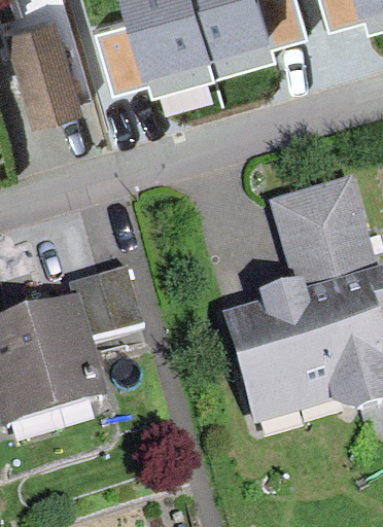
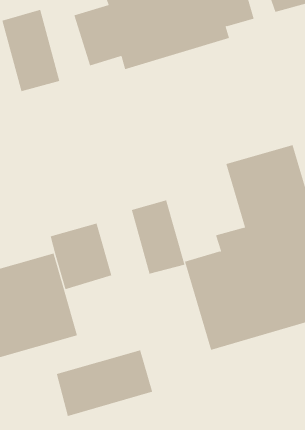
building: none -> [131,199,185,274]
building: none -> [56,350,153,417]

